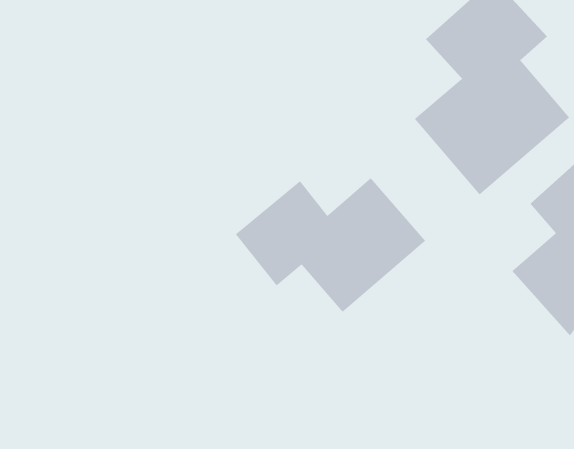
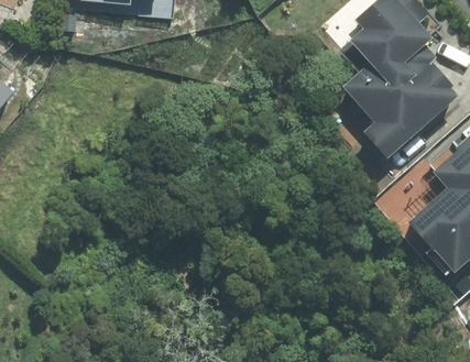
building: [235,177,426,313] -> none

